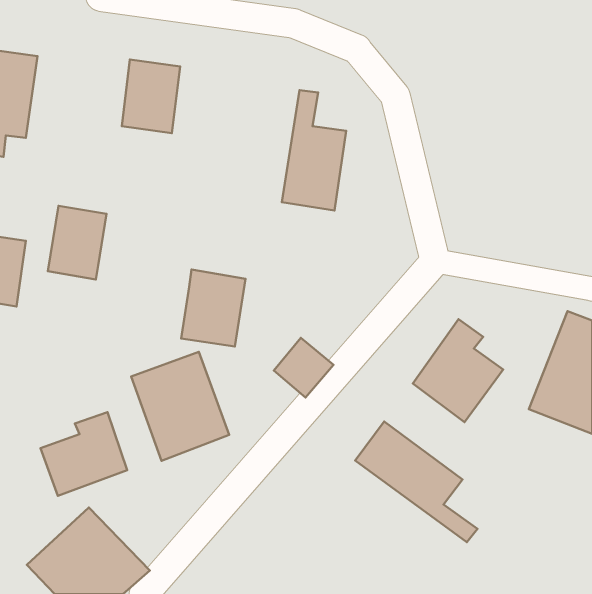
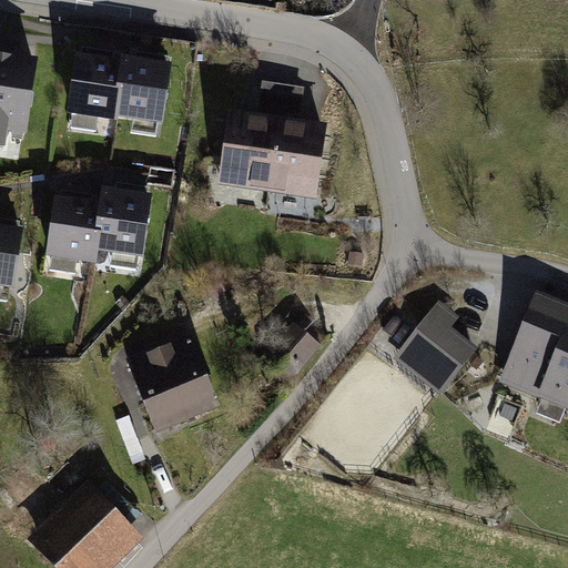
building: none -> [68,51,123,120]
building: none -> [217,81,284,192]
building: [181,269,245,347] -> [93,186,154,260]
building: [41,412,127,496] -> none
building: [355,421,477,542] -> none

